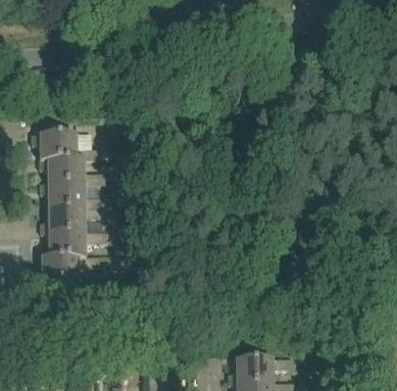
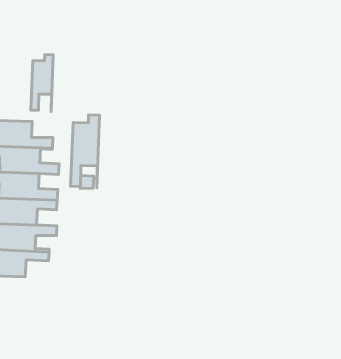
building: none -> [31,55,53,111]
building: none -> [71,115,99,188]

